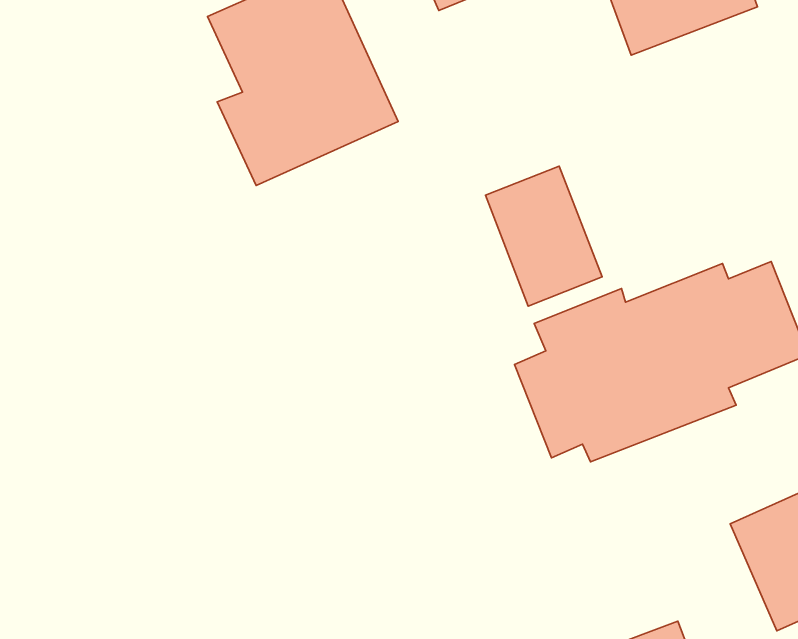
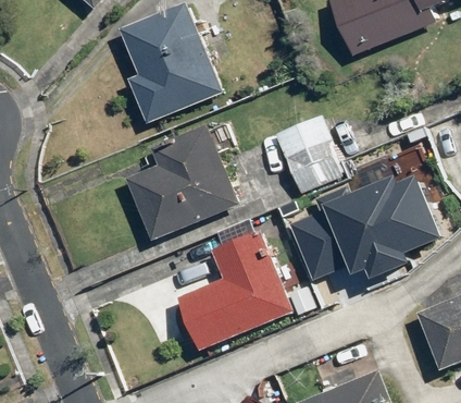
building: none -> [117,123,236,243]
building: none -> [177,229,294,350]

